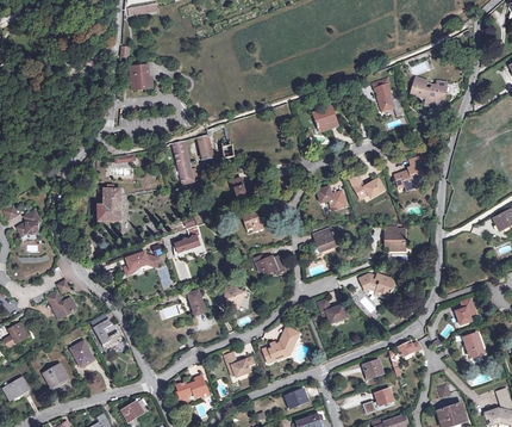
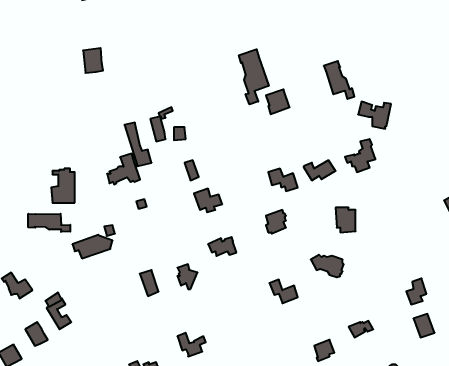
building: none -> [239,49,269,104]
building: [412,79,445,106] -> [358,102,391,129]
building: [171,225,205,256] -> [107,154,140,184]
building: none -> [28,214,70,232]
building: [262,327,296,359] -> none

